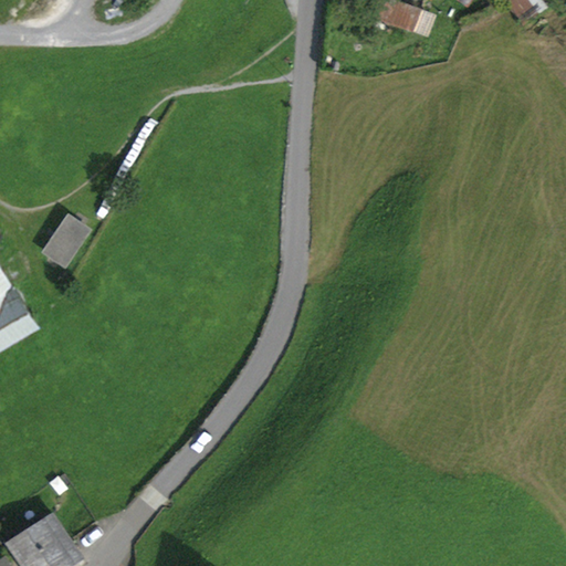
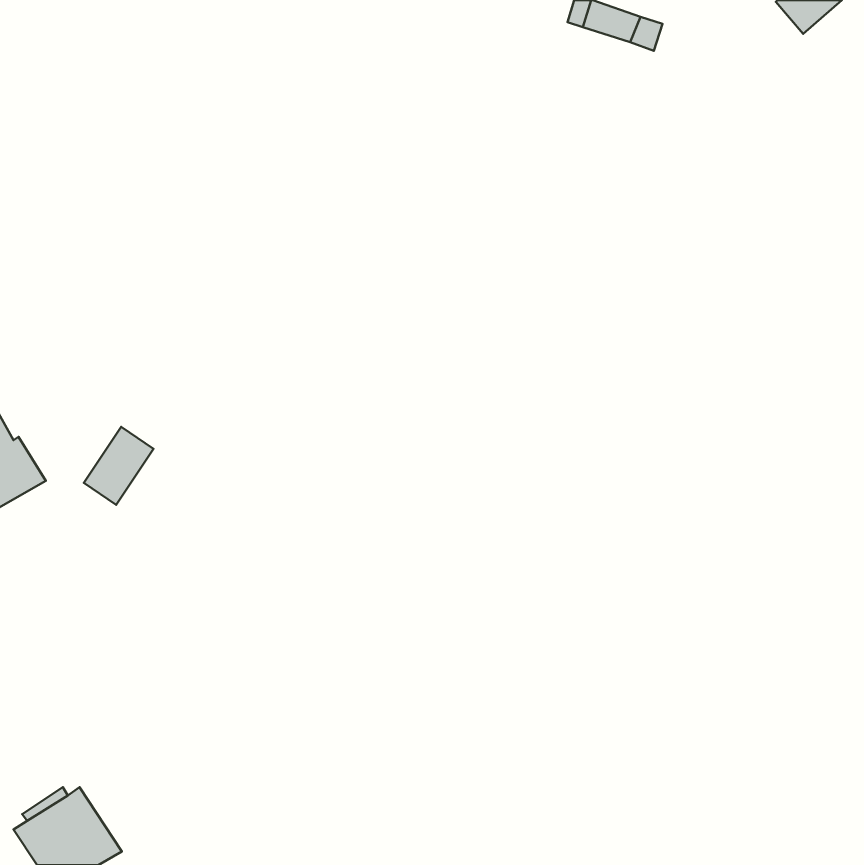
building: [42,216,87,266] -> [84,427,153,505]

